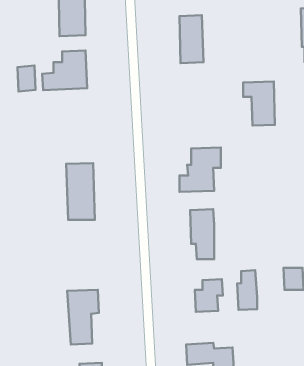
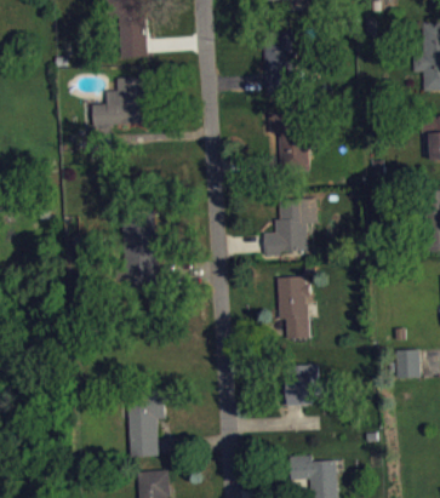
building: [18,65,35,92] -> none
building: [243,81,275,126] -> [268,116,308,172]
building: [237,270,257,310] -> none

